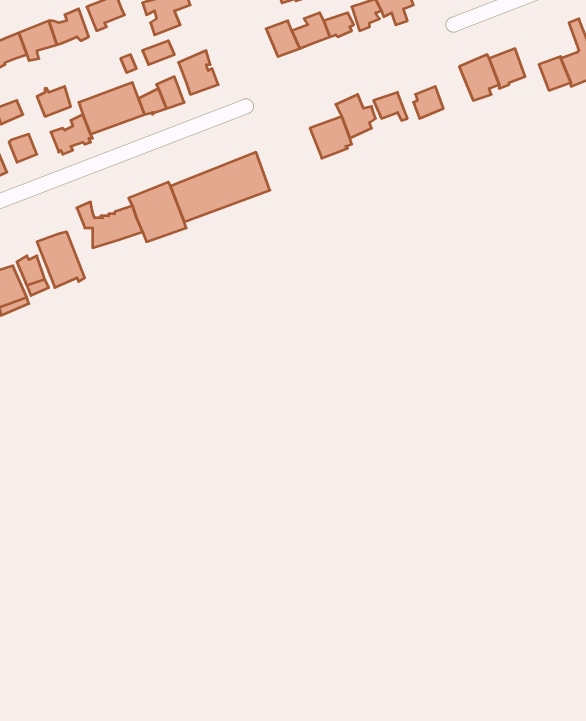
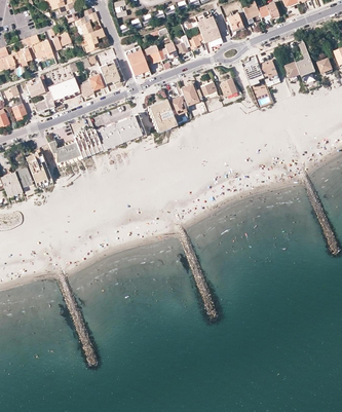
building: none -> [125,46,150,79]
building: none -> [148,99,176,132]

